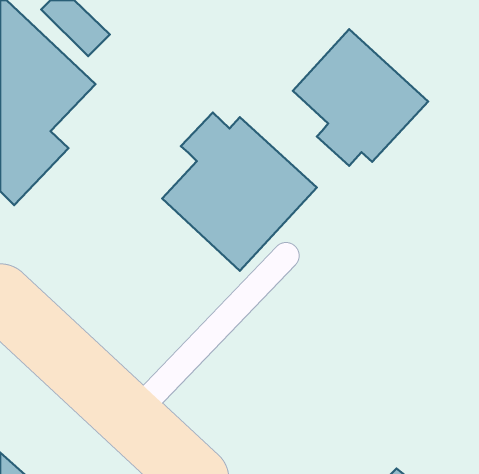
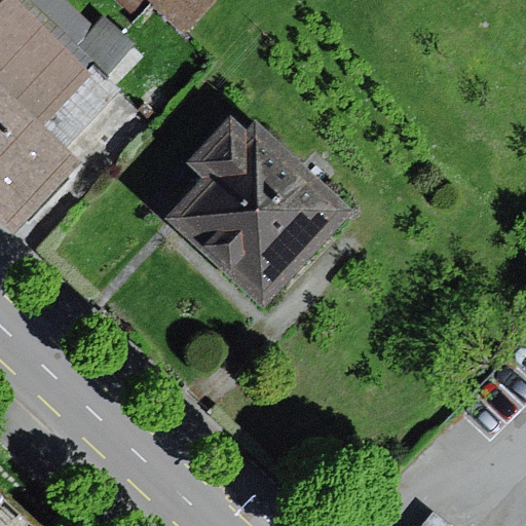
building: [293,29,428,166] -> none

